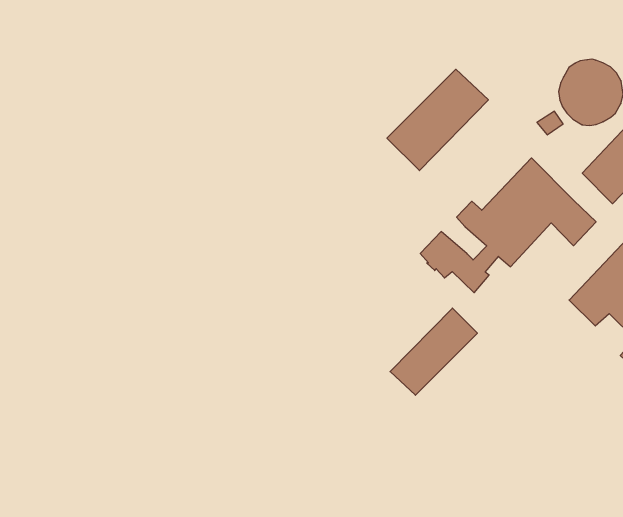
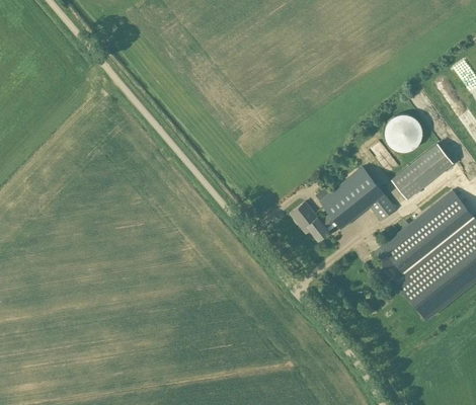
building: [387,69,488,171] -> none
building: [390,308,477,395] -> none

